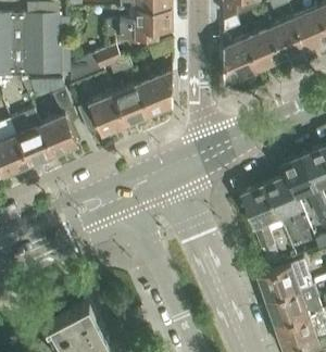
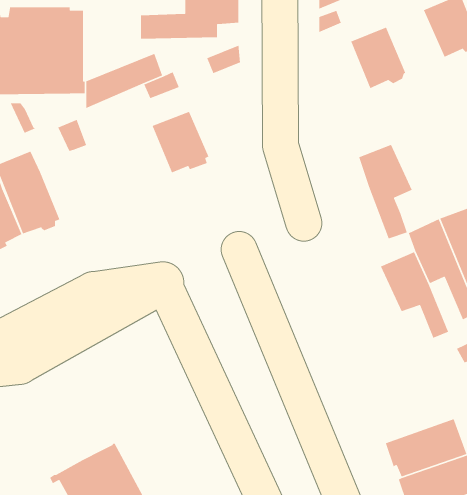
building: [267,17,305,61] -> none
building: [223,38,256,84] -> none
building: [138,70,172,116] -> none
building: [76,93,126,136] -> none
building: [40,114,77,156] -> none
building: [241,186,277,249] -> [358,144,413,240]
building: [256,260,312,302] -> none

